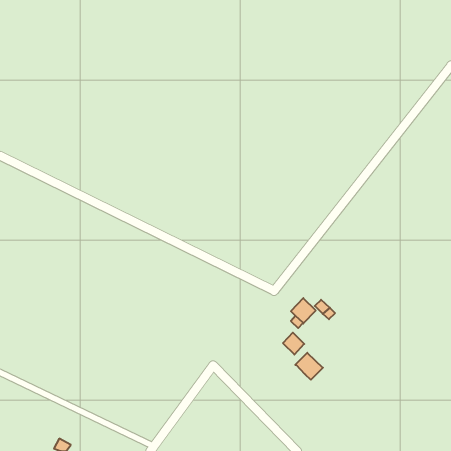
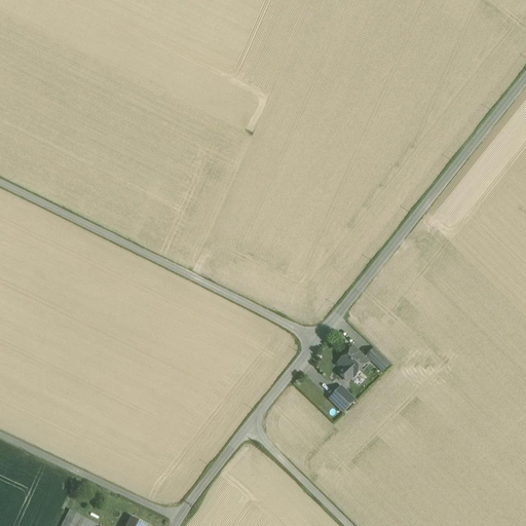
building: [295,353,323,380] -> none

